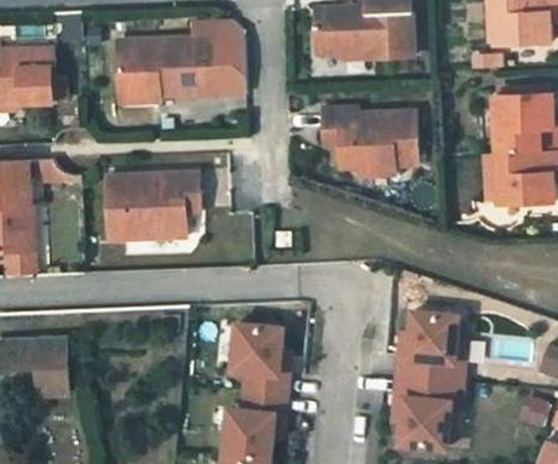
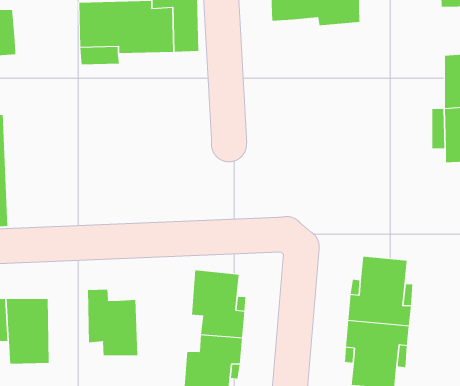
building: [322,103,414,164] -> none
building: [111,173,203,236] -> none
building: none -> [87,289,138,356]

